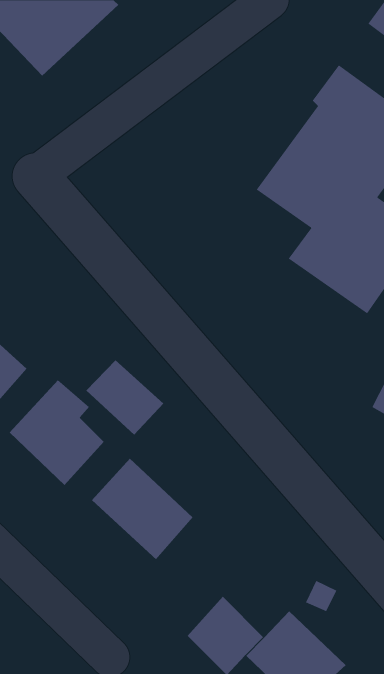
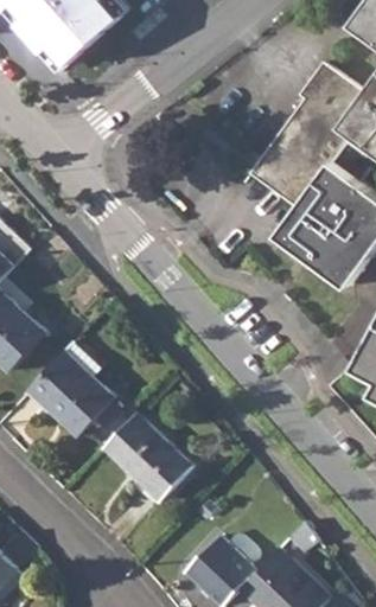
building: [85,360,164,436] -> none

